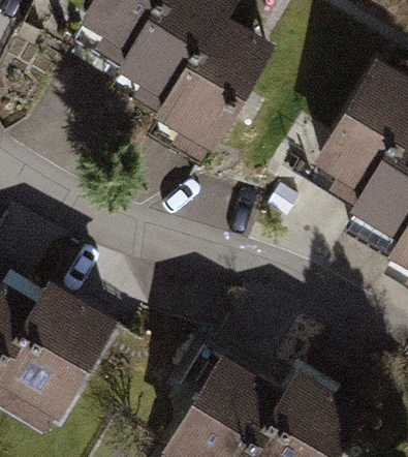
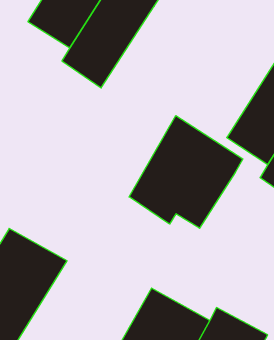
building: [152,11,274,156] -> none
building: none -> [129,116,243,228]

